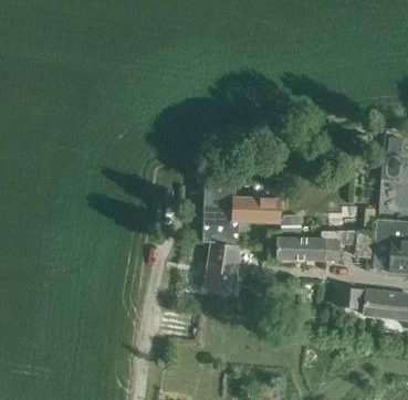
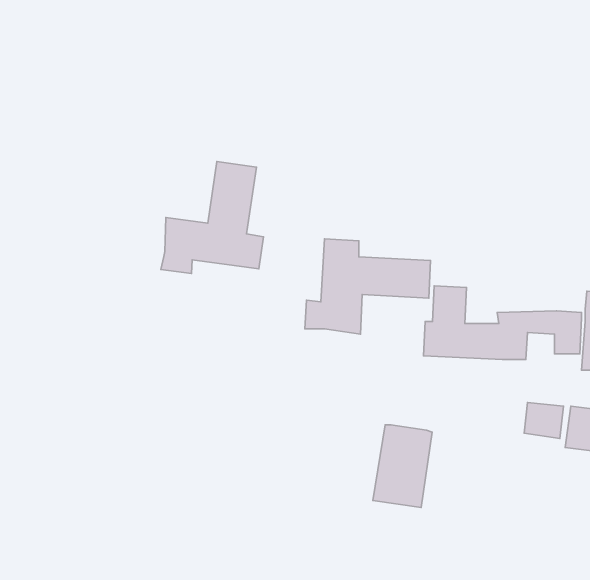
building: none -> [161,161,264,274]
building: [205,242,241,293] -> [373,425,432,508]

